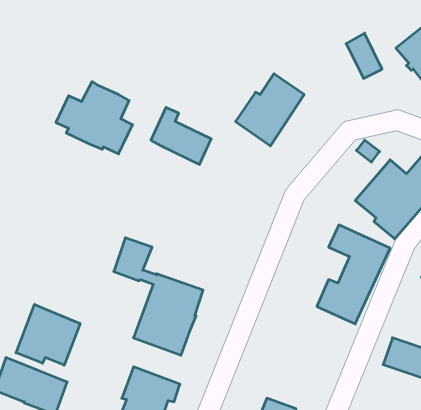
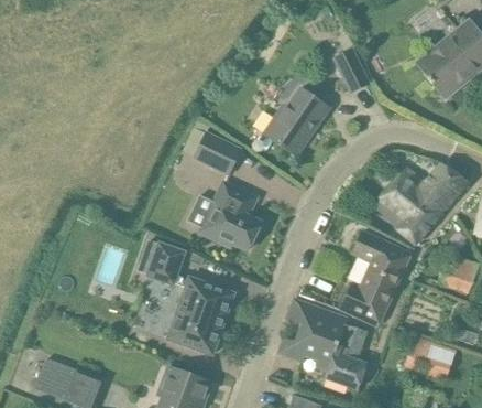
building: [346,33,382,78] -> [335,49,369,92]
building: [56,82,133,154] -> [188,181,261,249]
building: none -> [278,298,366,388]
building: [16,304,80,365] -> none

